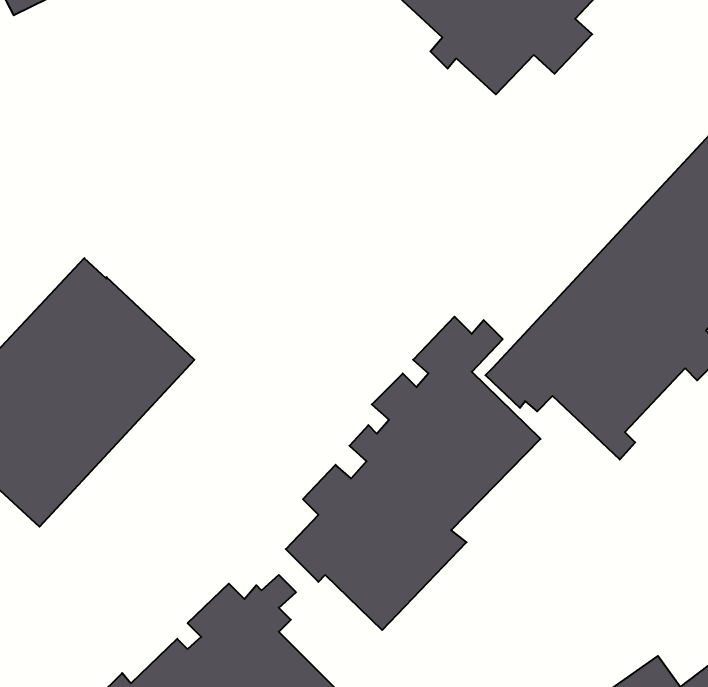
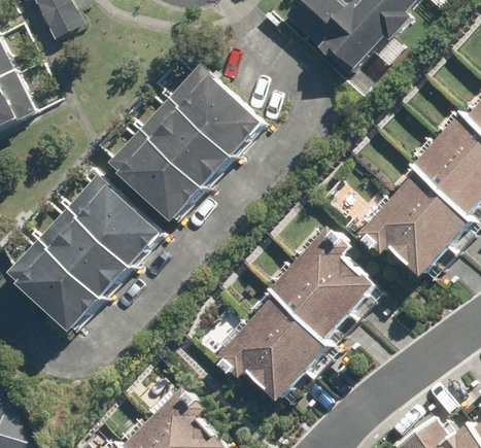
building: none -> [108,64,265,227]

